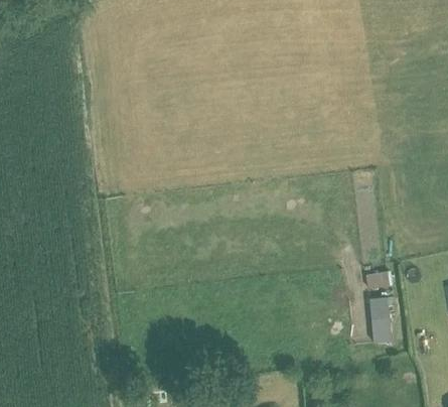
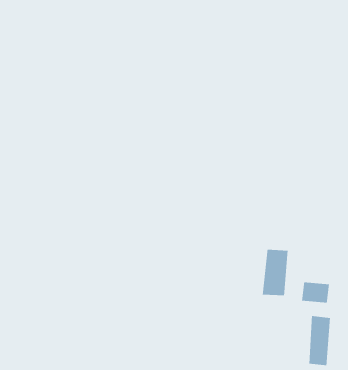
building: none -> [262,249,289,296]

